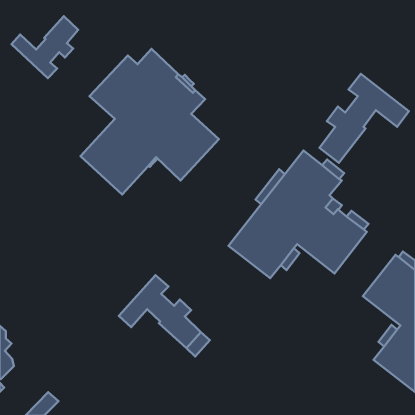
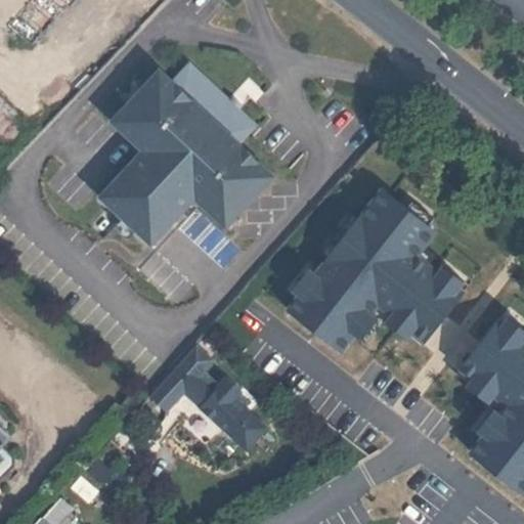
building: [12,16,78,78] -> none
building: [320,74,409,163] -> none

